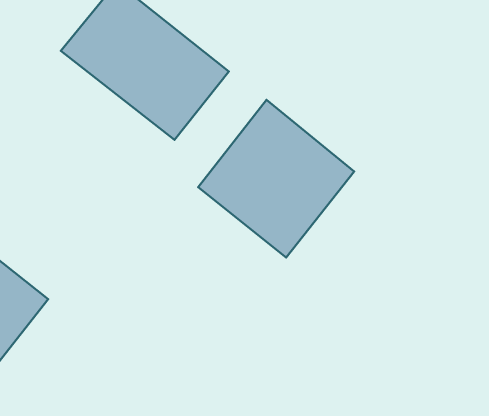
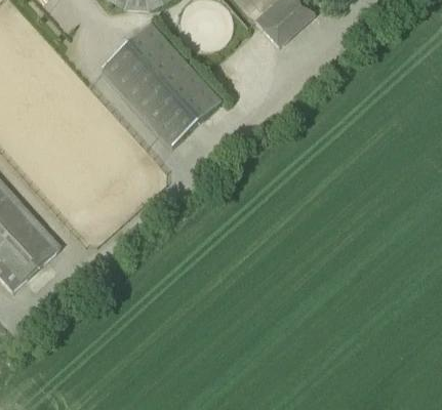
building: [198,100,354,257] -> none

